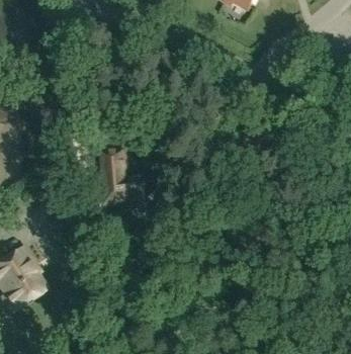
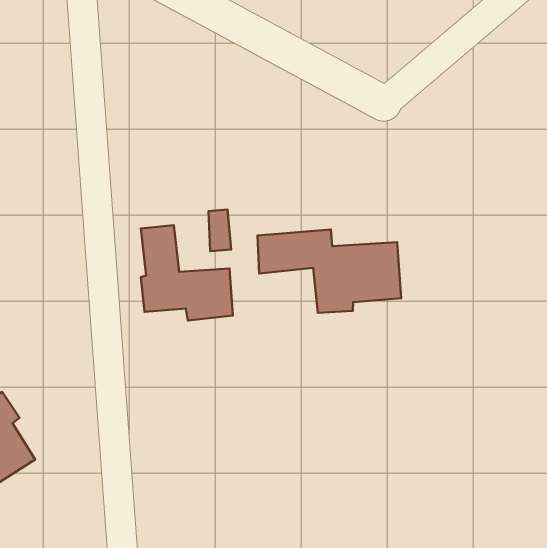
building: none -> [257,230,401,313]

